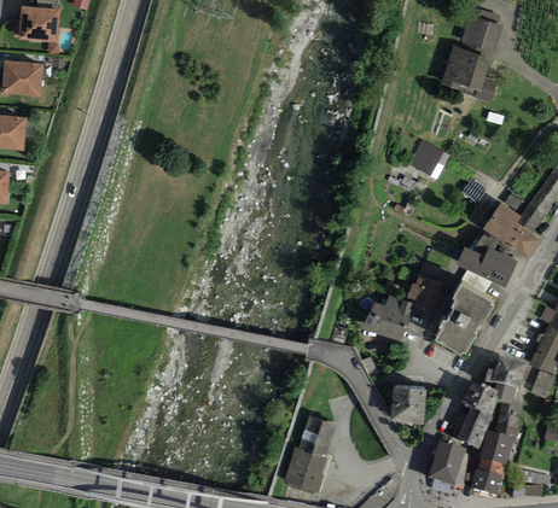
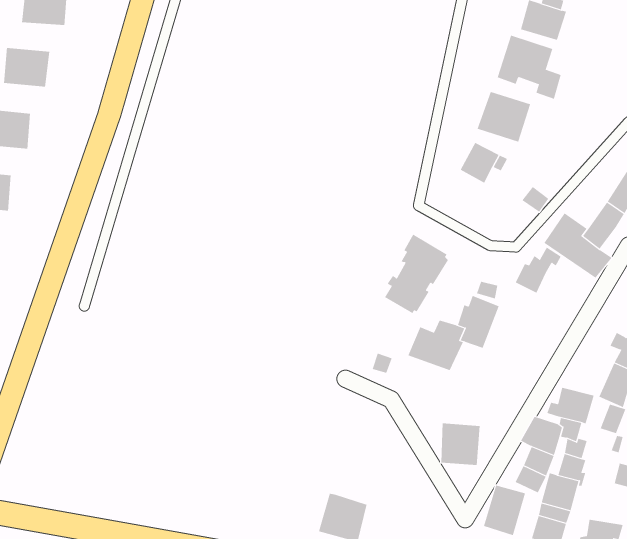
building: none -> [477,91,531,143]
building: [475,247,517,287] -> none
building: [435,285,492,355] -> [384,234,449,314]
building: [298,416,333,459] -> none

